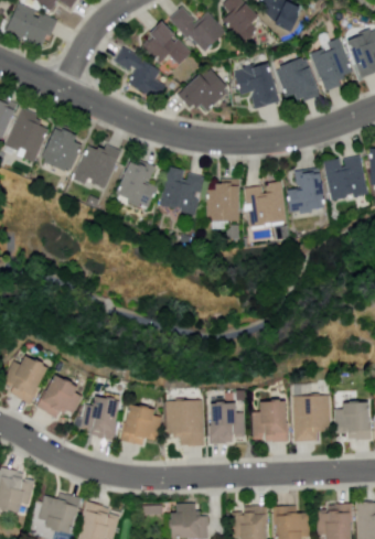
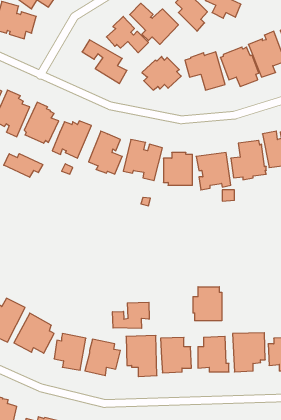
building: none -> [4,154,43,177]
building: none -> [193,287,222,321]
building: none -> [113,302,149,328]

